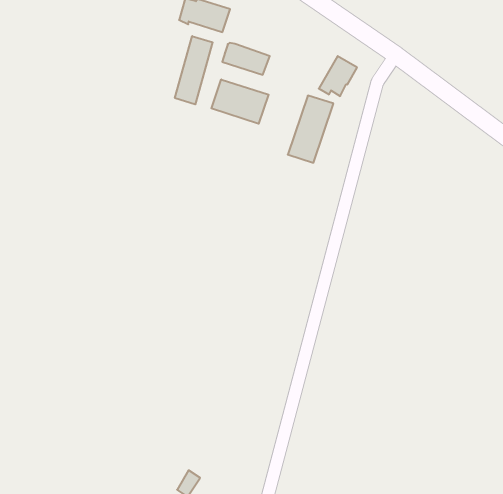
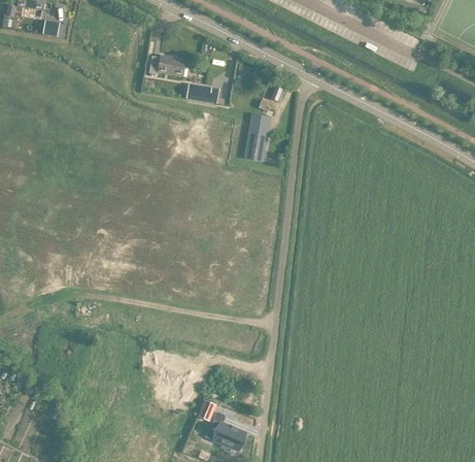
building: [175,36,213,104] -> none
building: [211,79,269,124] -> none

